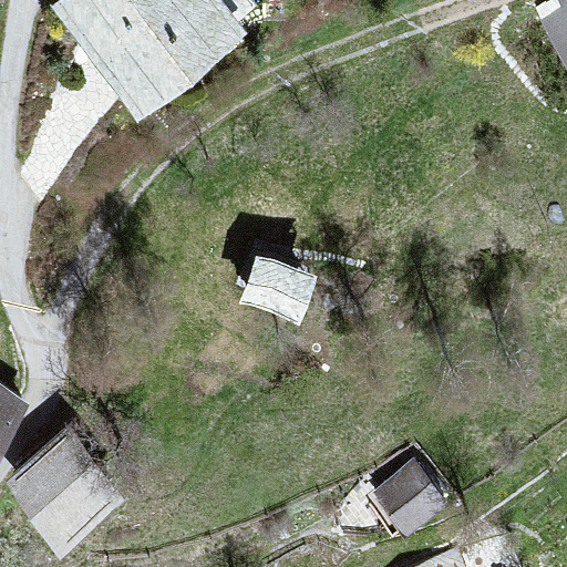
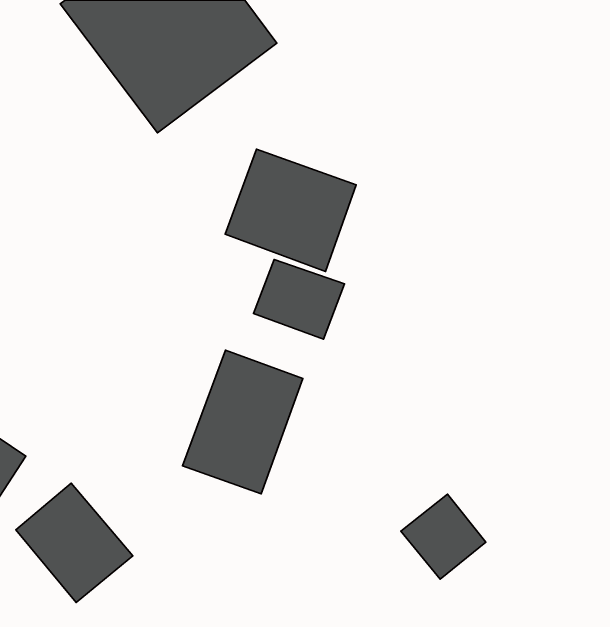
building: none -> [225,149,356,271]
building: none -> [183,350,303,494]

